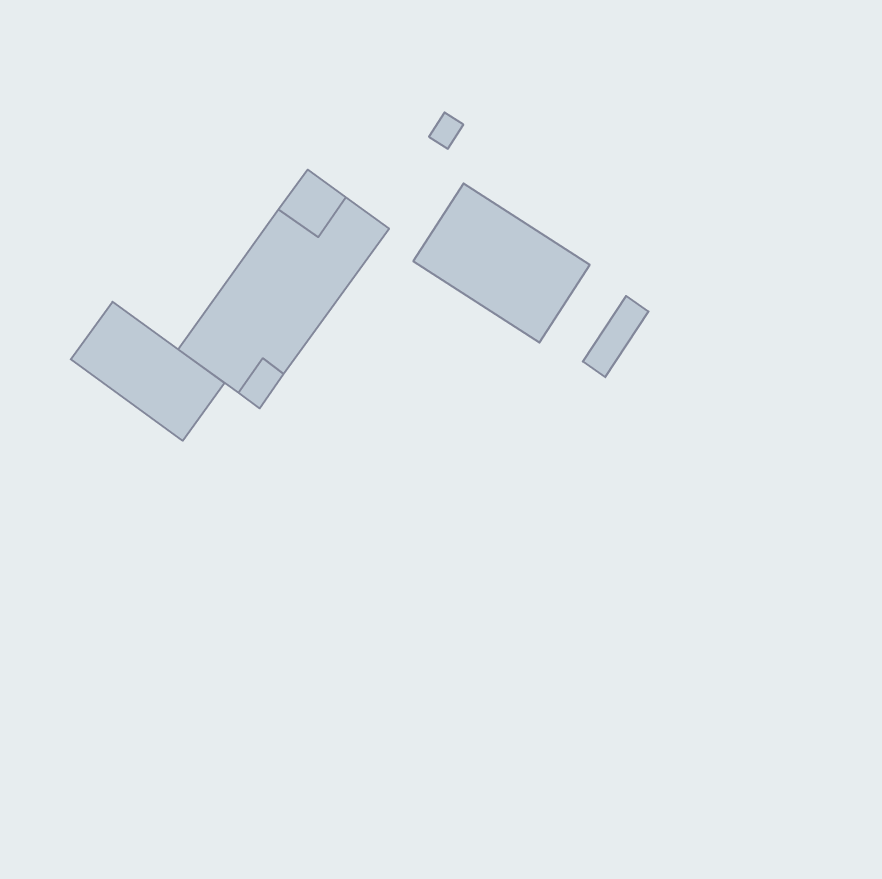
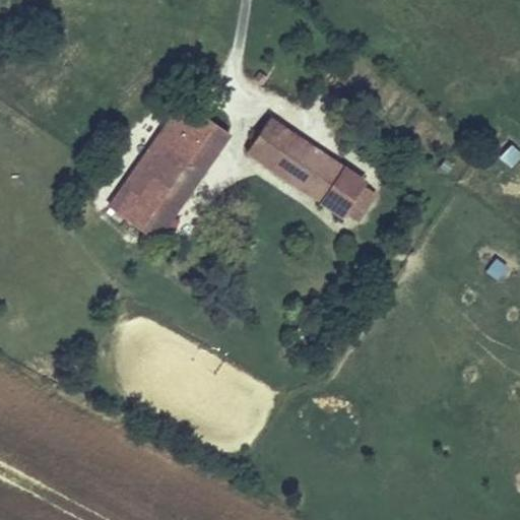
building: none -> [318,158,371,219]
building: [71,302,225,441] -> none

